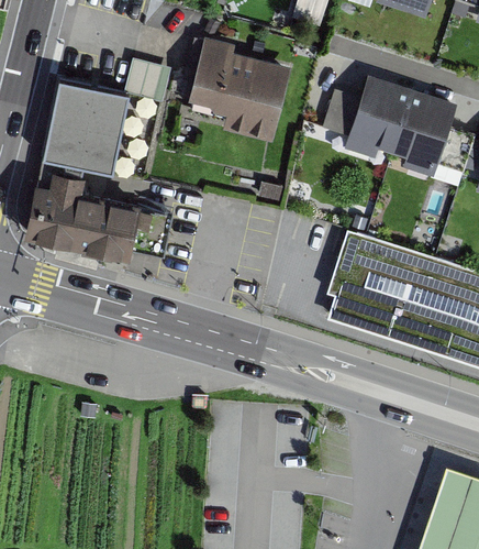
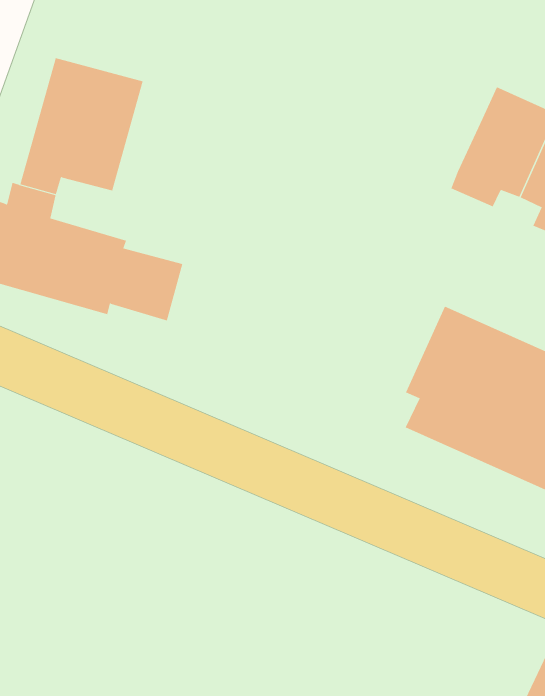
building: [185,42,285,142] -> none
building: [125,61,165,101] -> none
building: [324,89,361,136] -> none

